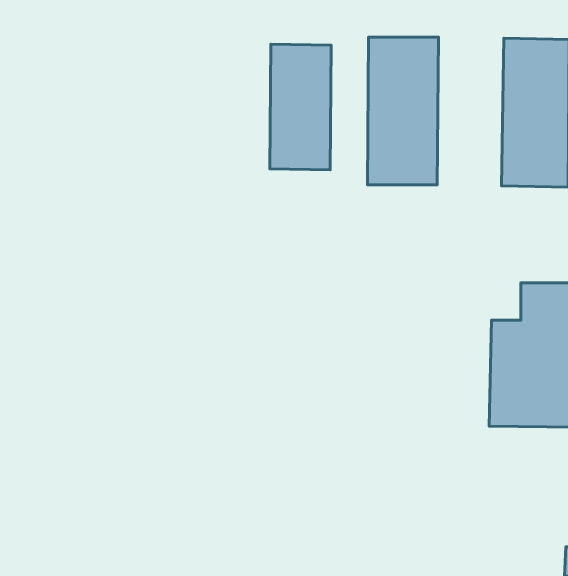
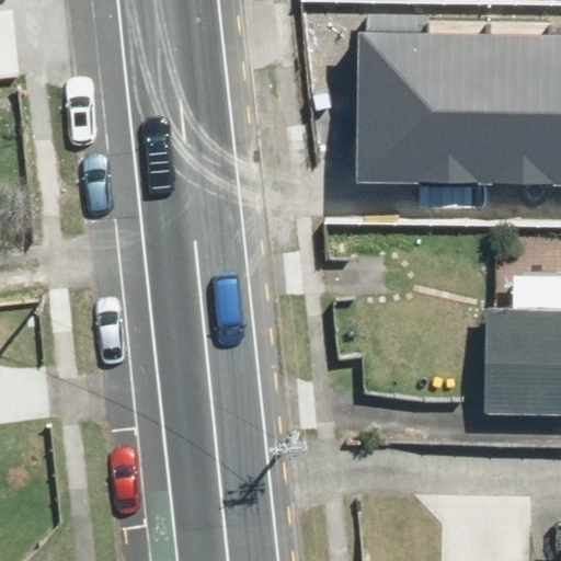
building: none -> [433,36,497,181]
building: [270,44,331,170] -> none

